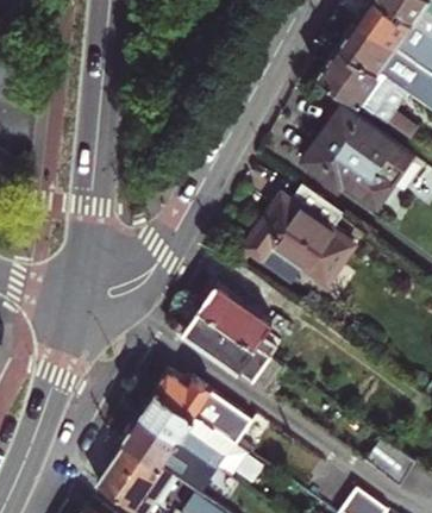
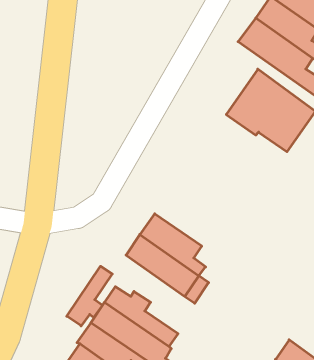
building: [243,186,353,292] -> none
building: none -> [67,266,112,326]

